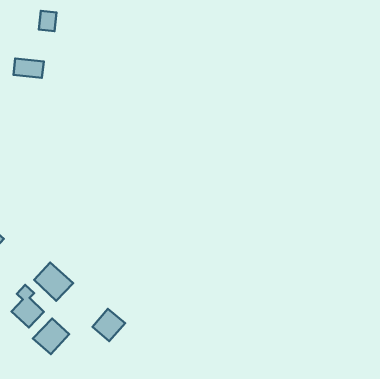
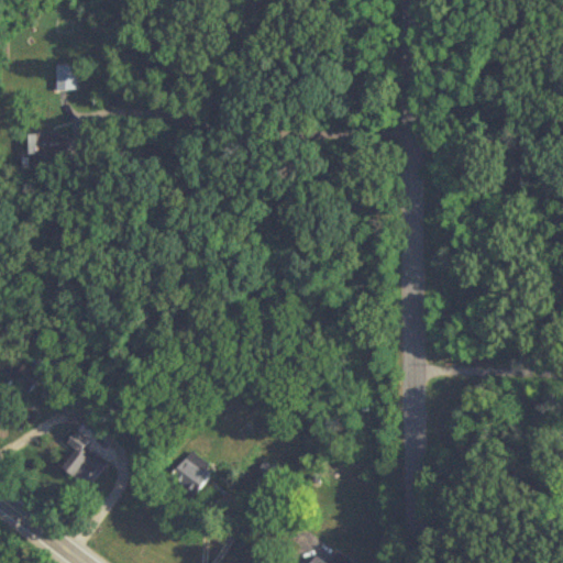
building: [34,262,73,301] -> none
building: [33,318,69,354] -> none

